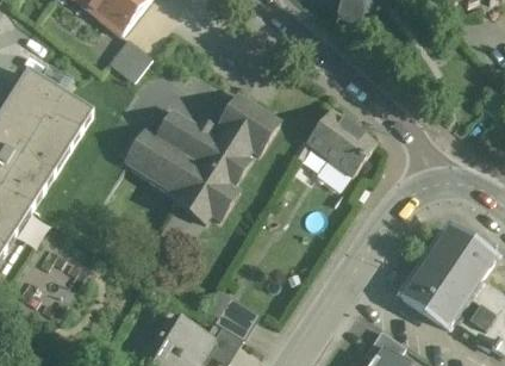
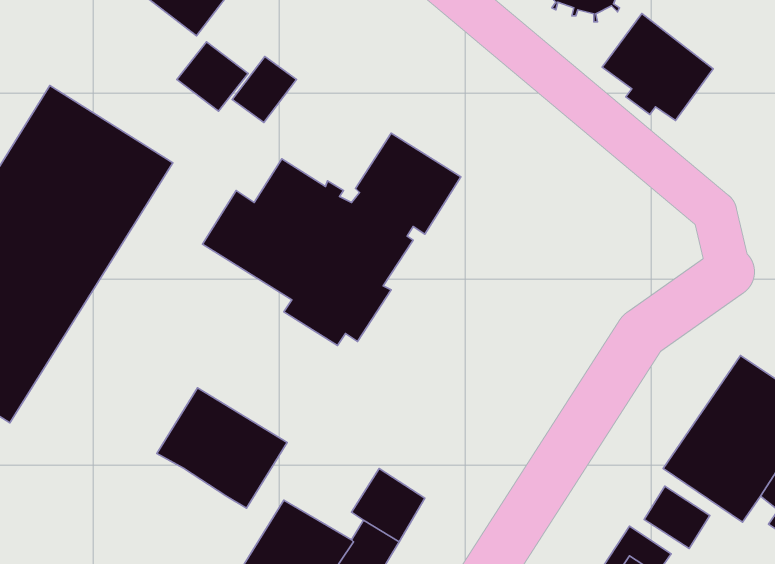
building: none -> [232,56,297,123]
building: [307,110,374,174] -> [602,13,713,121]
building: none -> [157,388,287,508]
building: none -> [644,486,710,549]

